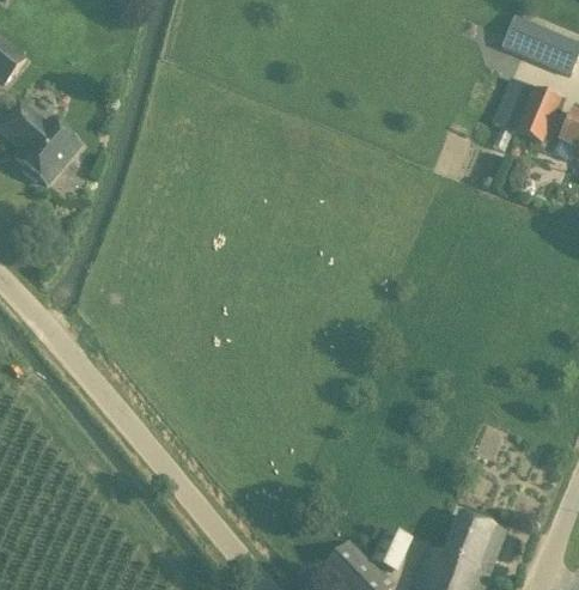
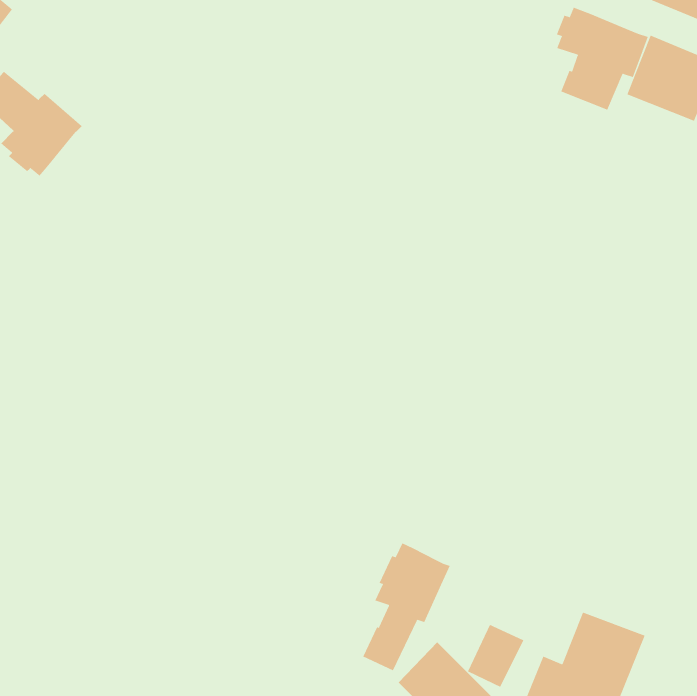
building: none -> [556,7,649,111]
building: none -> [363,543,450,671]

